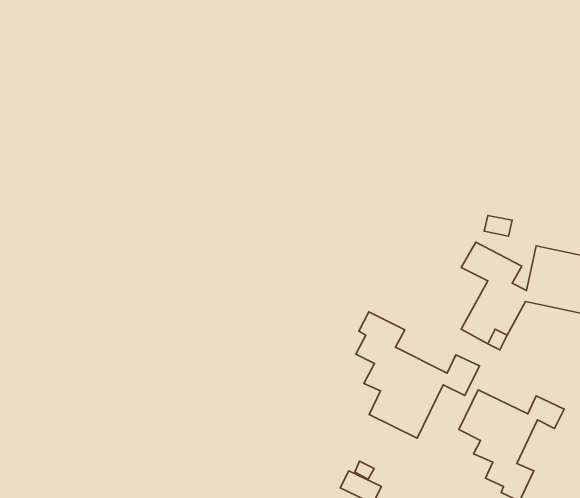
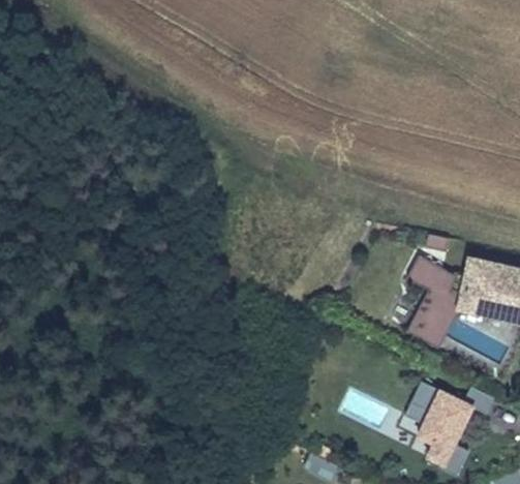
building: [356,312,479,438] -> none

